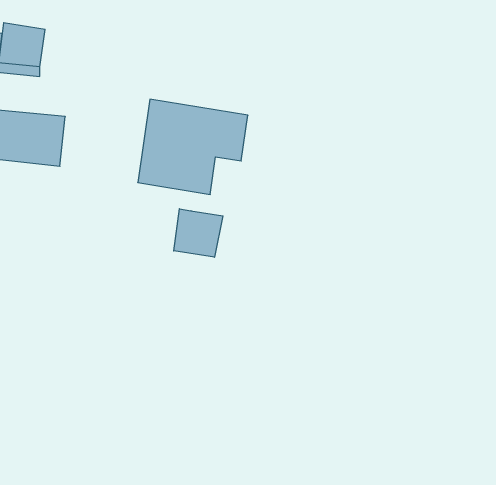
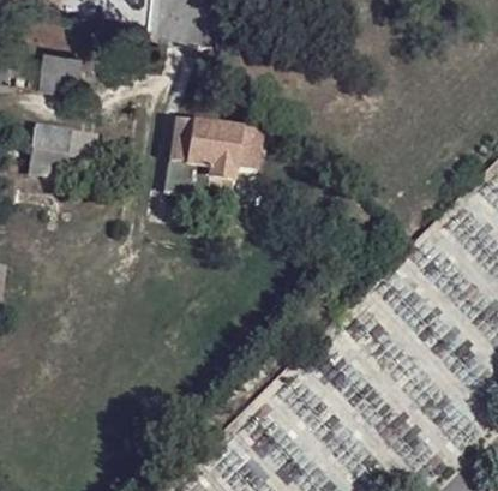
building: [174,209,223,257] -> none

